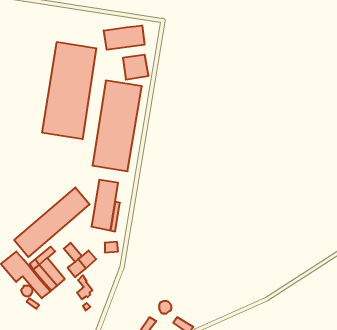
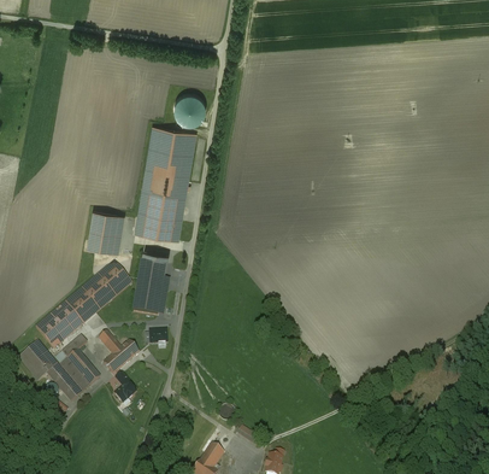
building: [104,25,144,50] -> none
building: [42,42,96,139] -> none
building: none -> [86,211,124,253]

